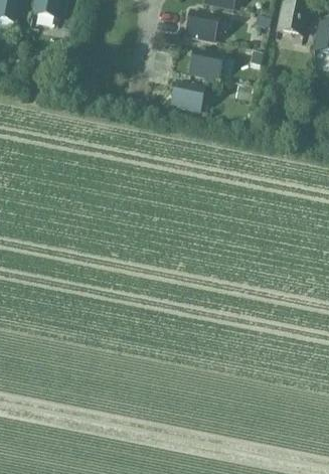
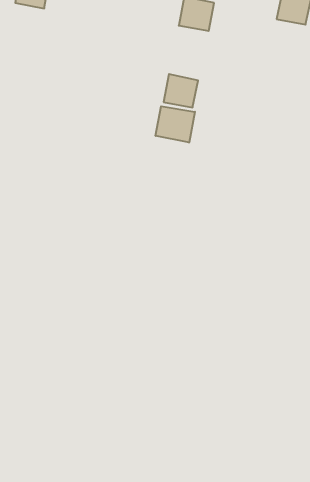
building: [190,48,222,77] -> none
building: none -> [156,106,195,143]

